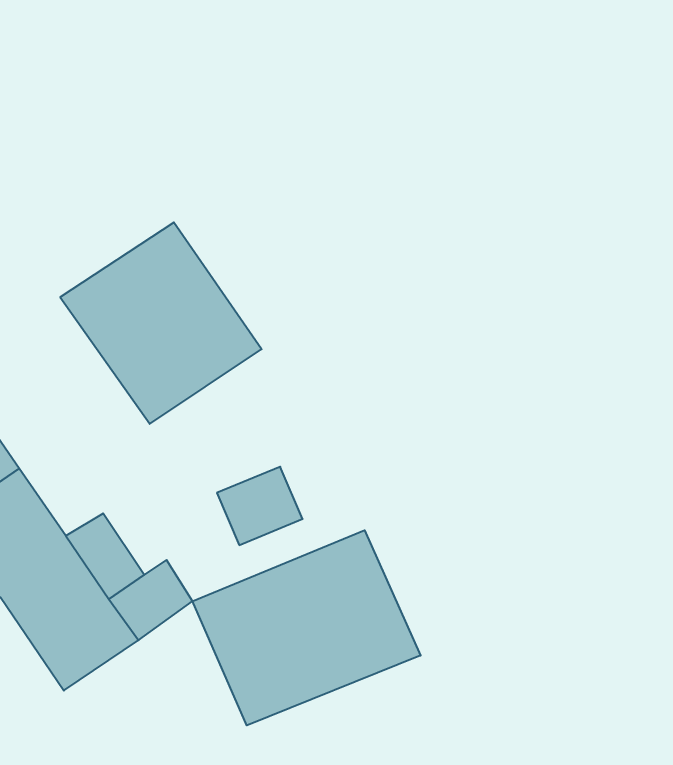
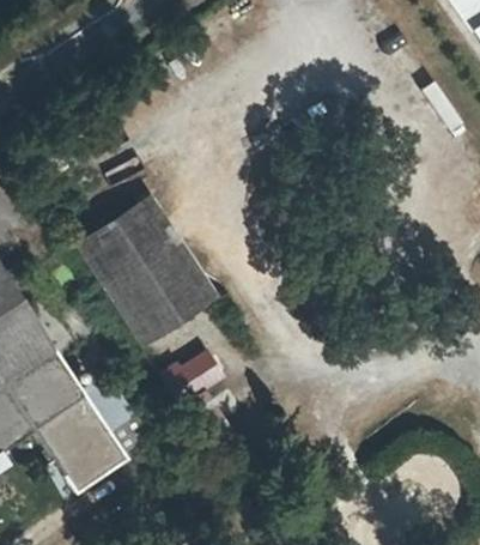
building: none -> [128,274,213,340]
building: [193,530,421,725] -> none

